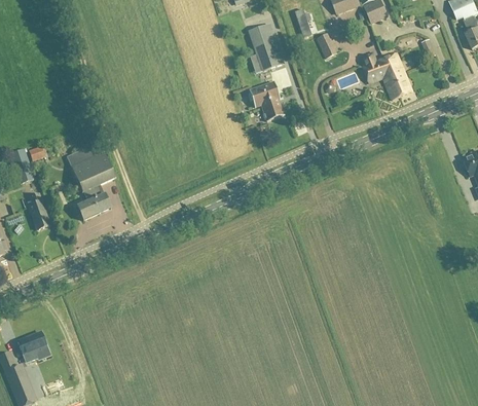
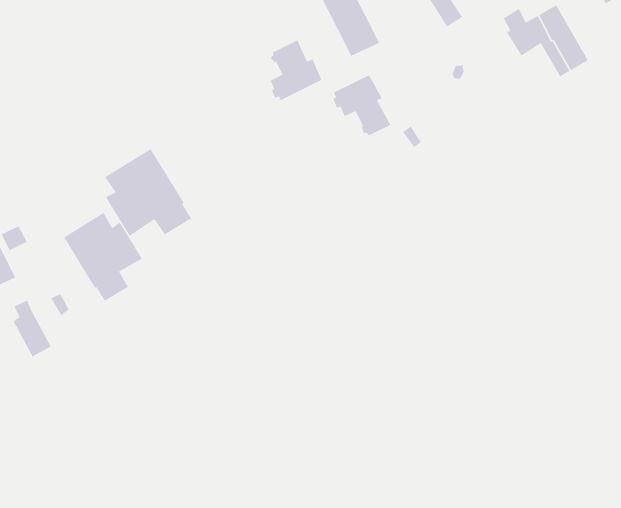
building: none -> [270,39,322,101]
building: none -> [104,148,192,237]
building: [77,193,110,219] -> none

